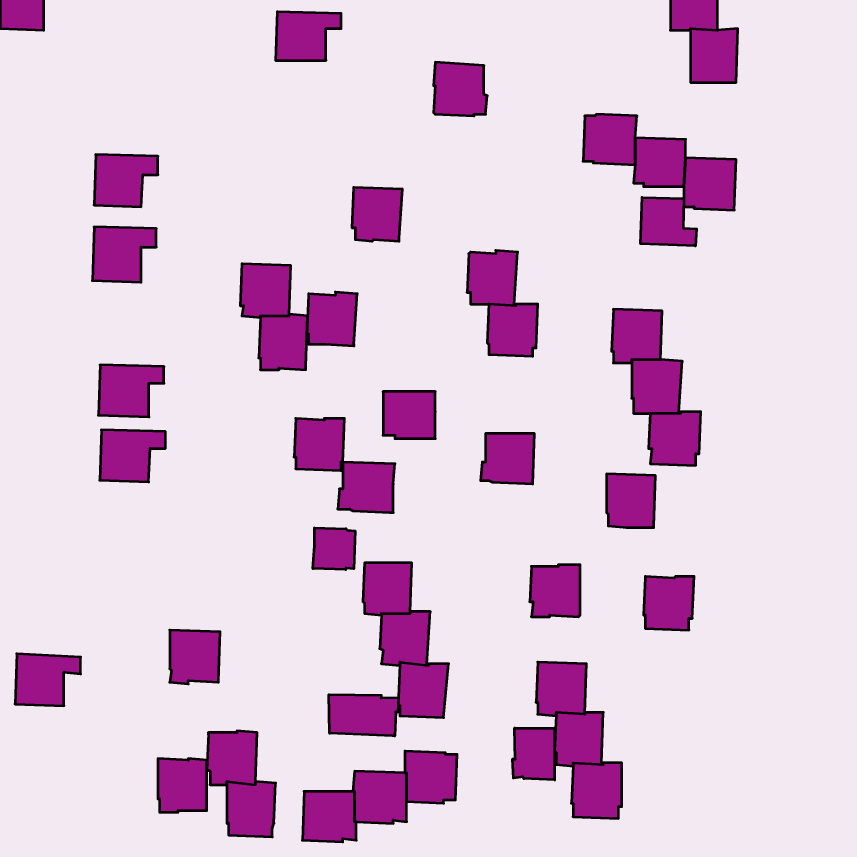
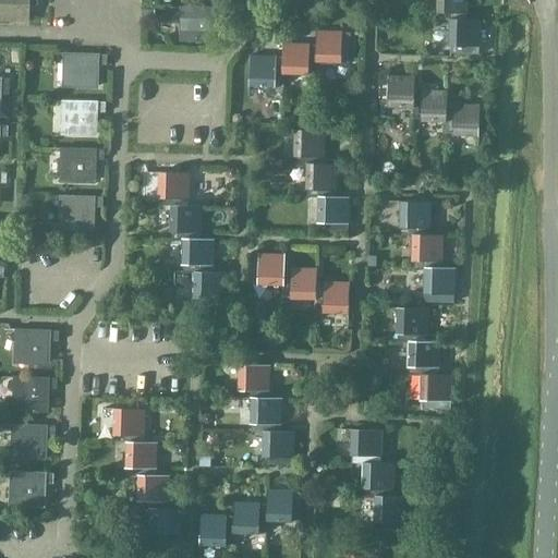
building: none -> [315,29,350,63]
building: none -> [63,53,105,87]
building: none -> [248,53,283,86]
building: [352,187,402,241] -> [292,130,325,165]
building: [641,197,697,246] -> none
building: [307,292,357,346] -> [181,238,214,272]
building: [98,365,164,417] -> [59,195,101,229]
building: [100,430,165,482] -> [14,329,57,363]
building: [338,462,395,513] -> [280,267,317,300]
building: [313,528,355,570] -> none
building: [530,565,580,617] -> [407,341,439,375]
building: none -> [12,377,56,410]
building: [329,695,399,736] -> none
building: none -> [9,471,51,505]
building: [513,728,555,780] -> none
building: [158,759,207,812] -> [123,441,155,476]

